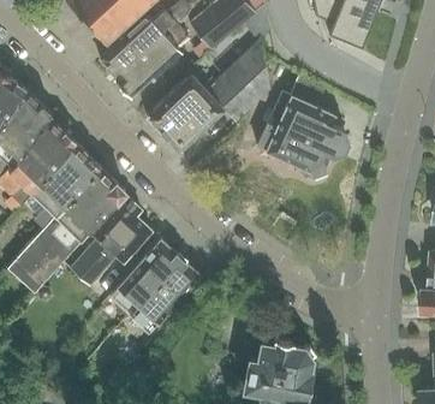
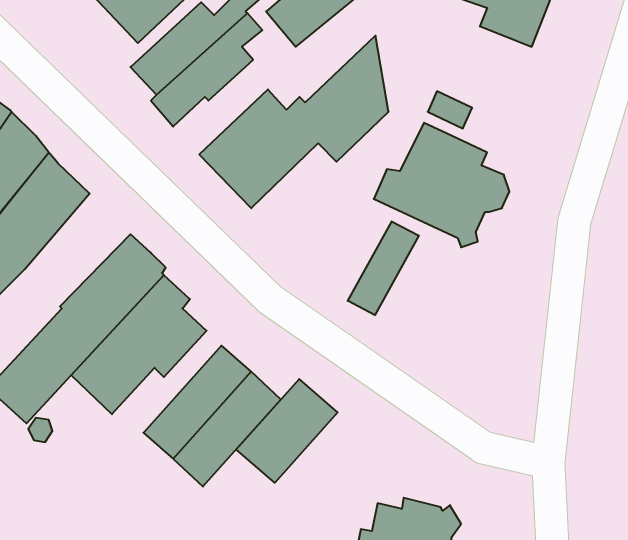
building: [20,141,100,227] -> none
building: none -> [348,221,419,315]
building: none -> [236,379,338,483]

